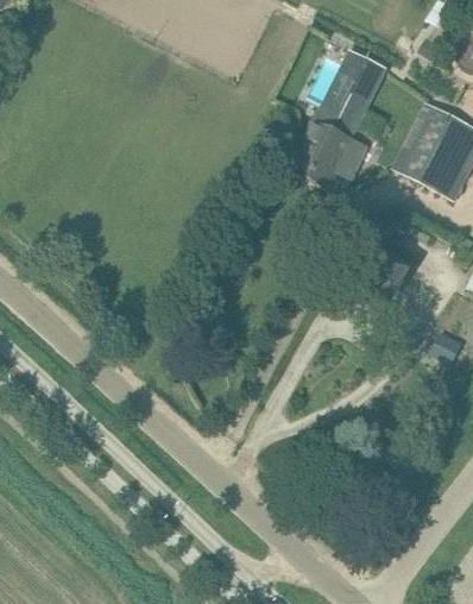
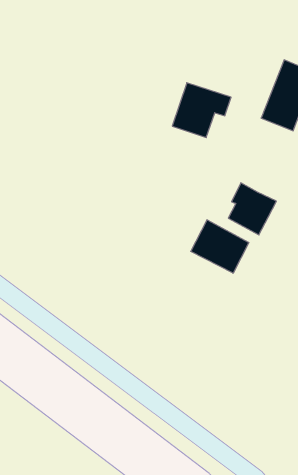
building: [319,50,383,126] -> none
building: none -> [191,220,249,273]

